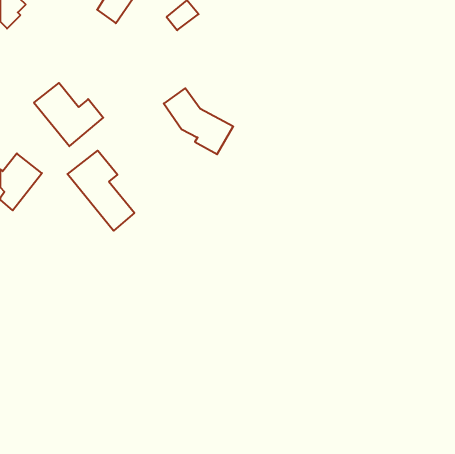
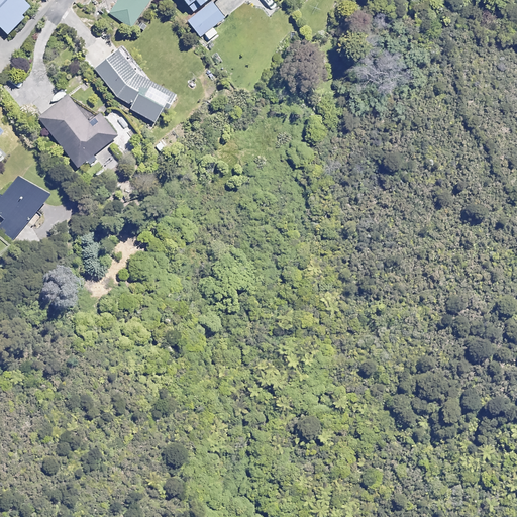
building: [164,88,233,154] -> [95,49,174,124]
building: [67,151,134,231] -> none

